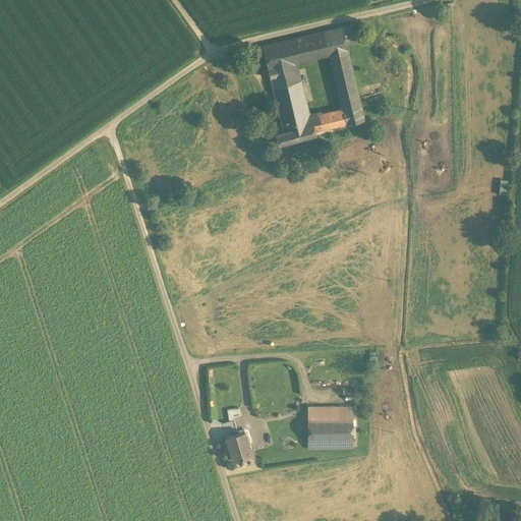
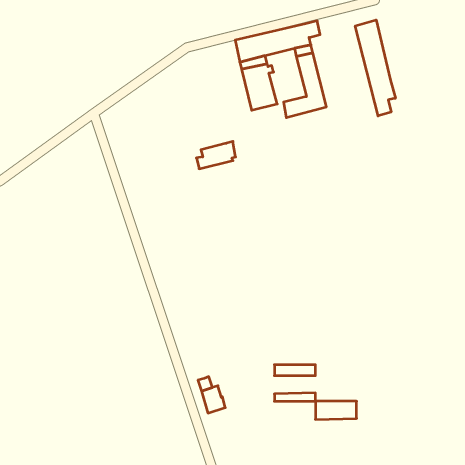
building: none -> [355,20,395,116]
building: [276,115,320,146] -> [196,141,236,169]
building: [306,420,352,441] -> [315,401,356,419]

